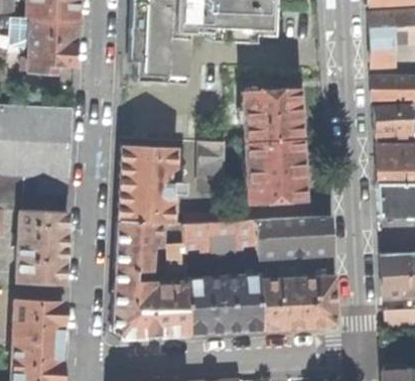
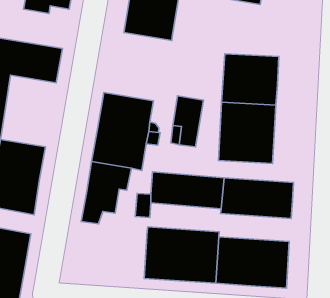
building: [22,141,72,193] -> none
building: [113,283,187,337] -> none

